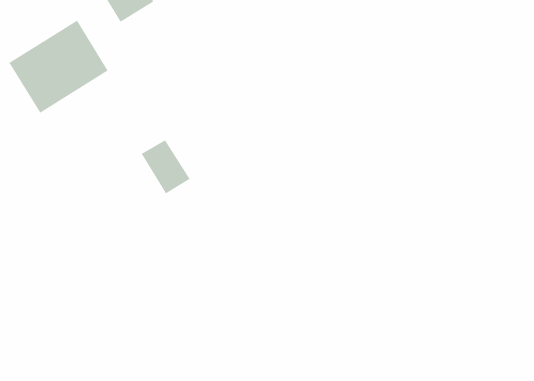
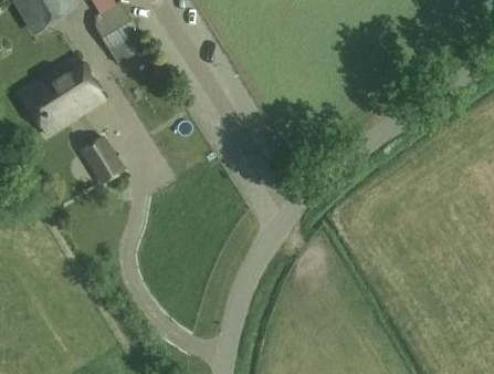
building: [141,140,190,194] -> [81,137,123,184]

